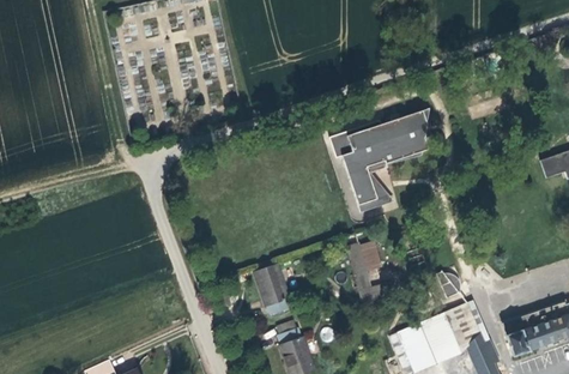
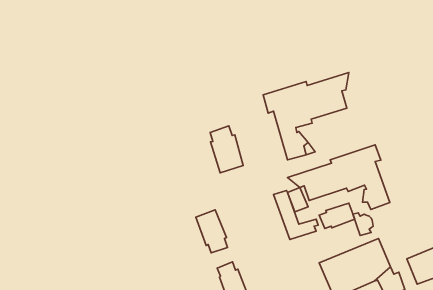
building: none -> [210,126,243,173]
building: none -> [288,145,390,209]
building: none -> [319,203,355,228]

